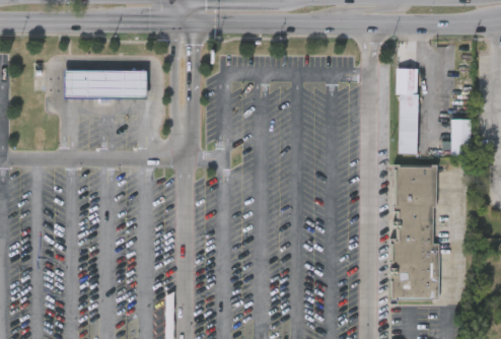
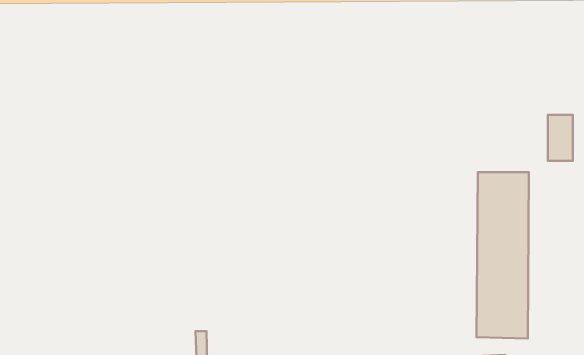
building: [396,59,417,154] -> none
building: [64,69,147,97] -> none

